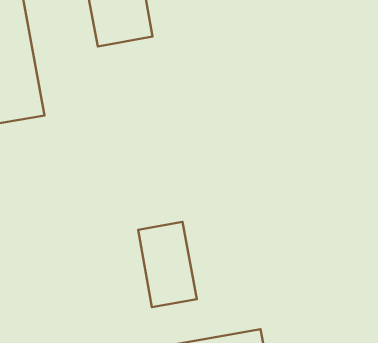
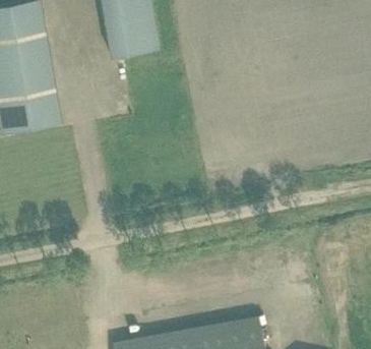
building: [138,222,197,307] -> none

